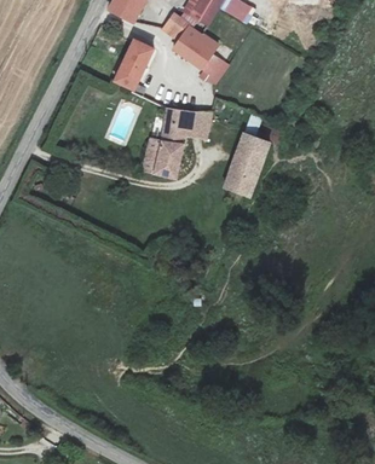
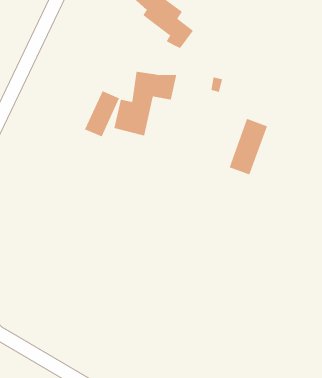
building: [112,39,151,89] -> [84,90,120,137]
building: [225,134,267,196] -> [229,118,268,175]

